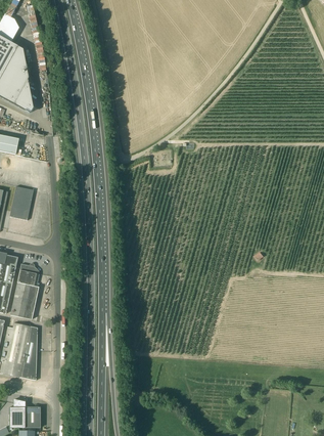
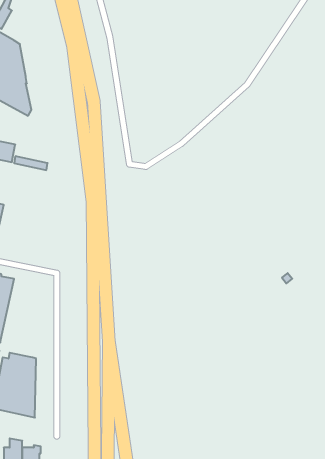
building: [9,186,34,220] -> none
building: [9,263,39,319] -> none

